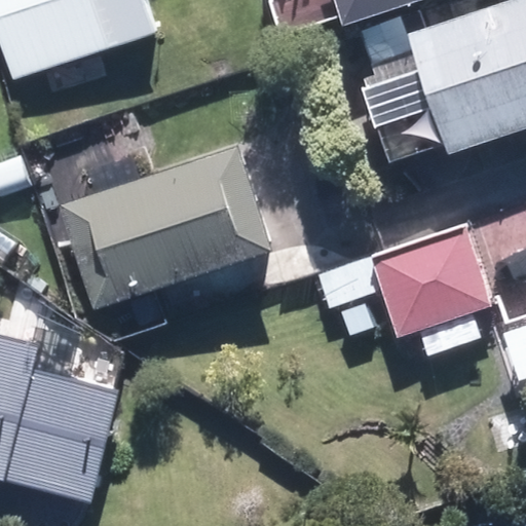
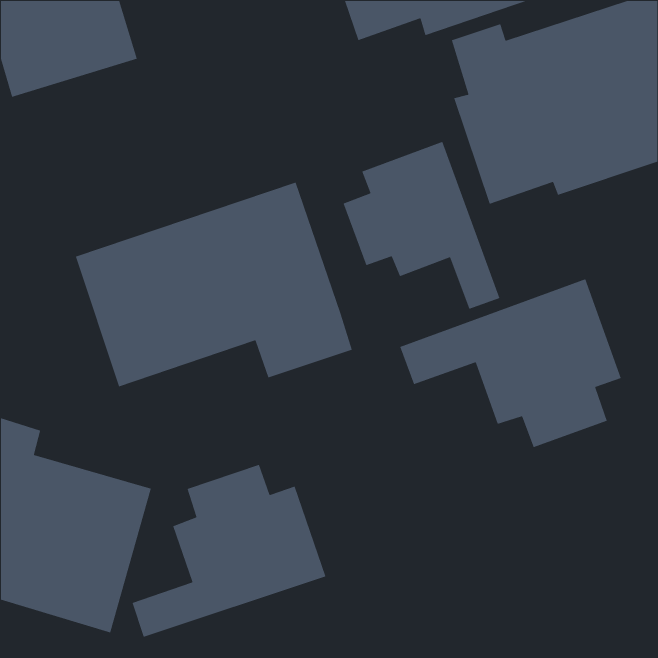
building: none -> [343,141,500,310]
building: none -> [131,464,326,638]

